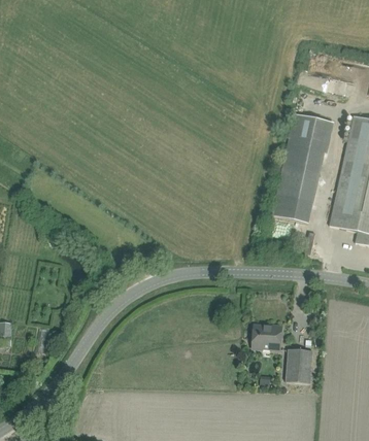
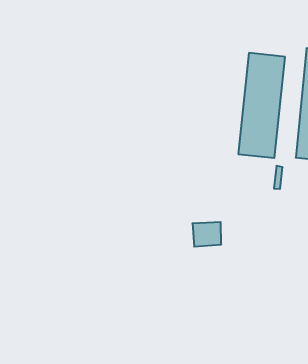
building: [253,324,282,348] -> [192,222,221,247]
building: [286,348,313,383] -> none

